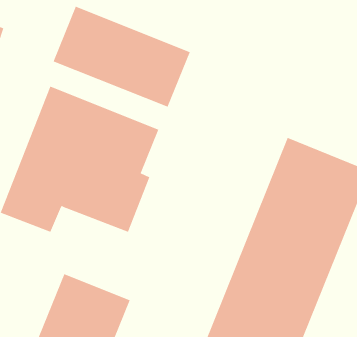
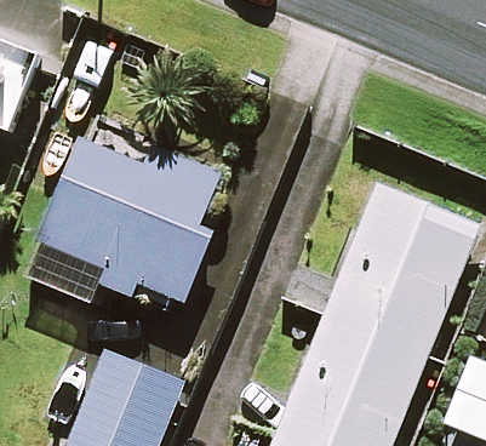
building: [53,6,190,108] -> none

